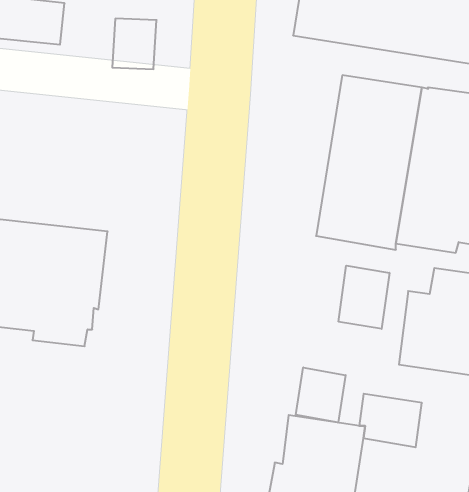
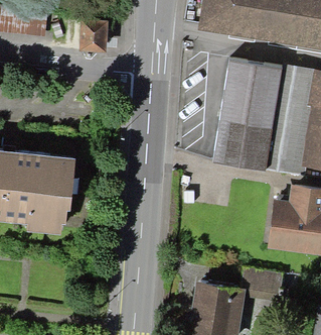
building: [339,266,389,329] -> none
building: [296,367,346,423] -> none

